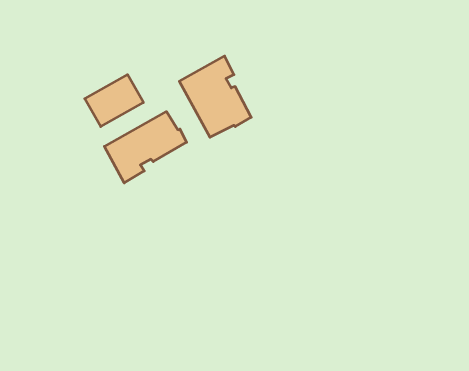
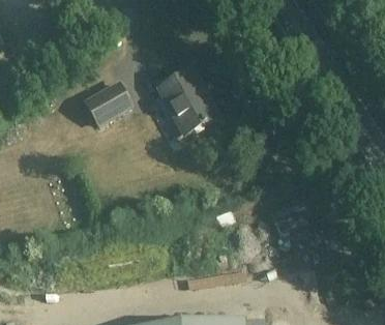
building: [104,112,187,183] -> none

